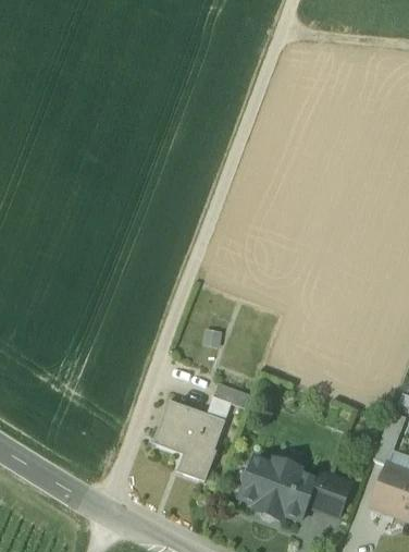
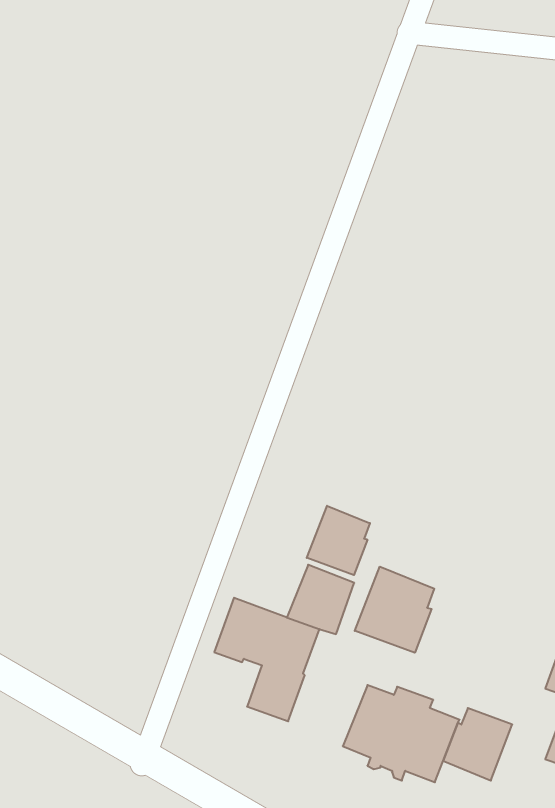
building: none -> [307,506,370,575]
building: none -> [355,567,434,653]

